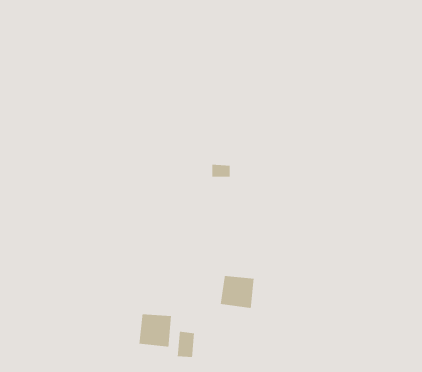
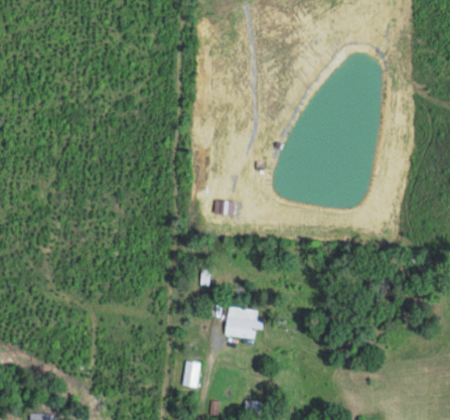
building: [139,313,172,347] -> none

